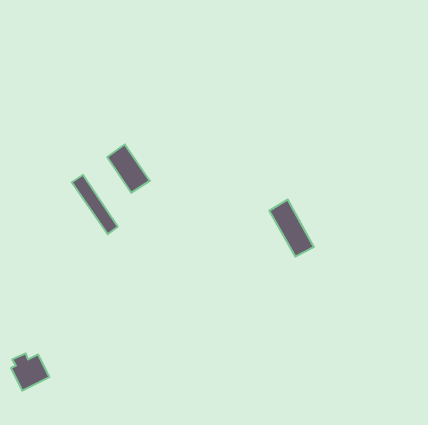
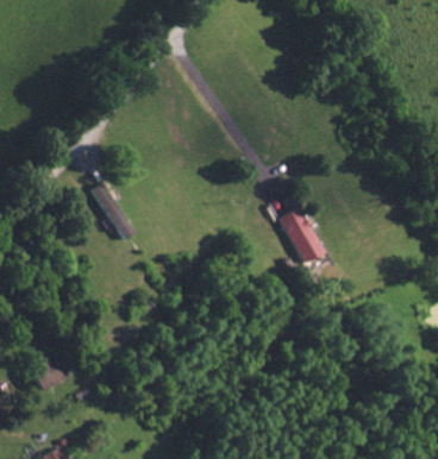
building: [107,144,150,193] -> none

